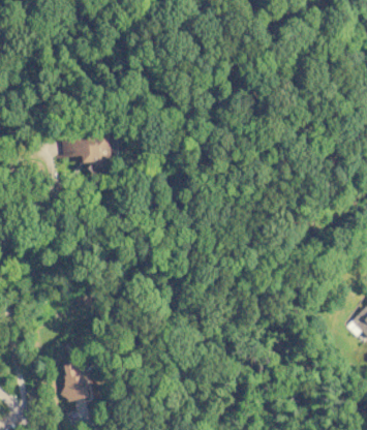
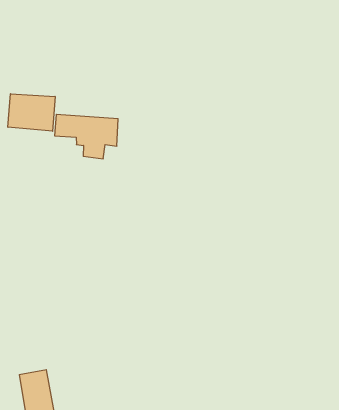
building: none -> [8,94,55,131]

